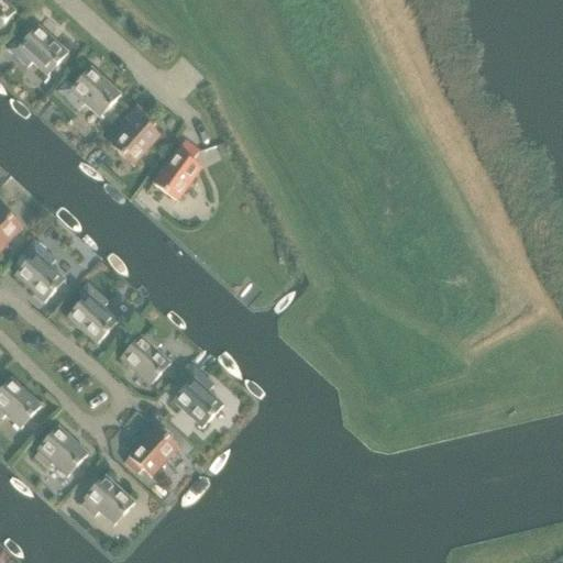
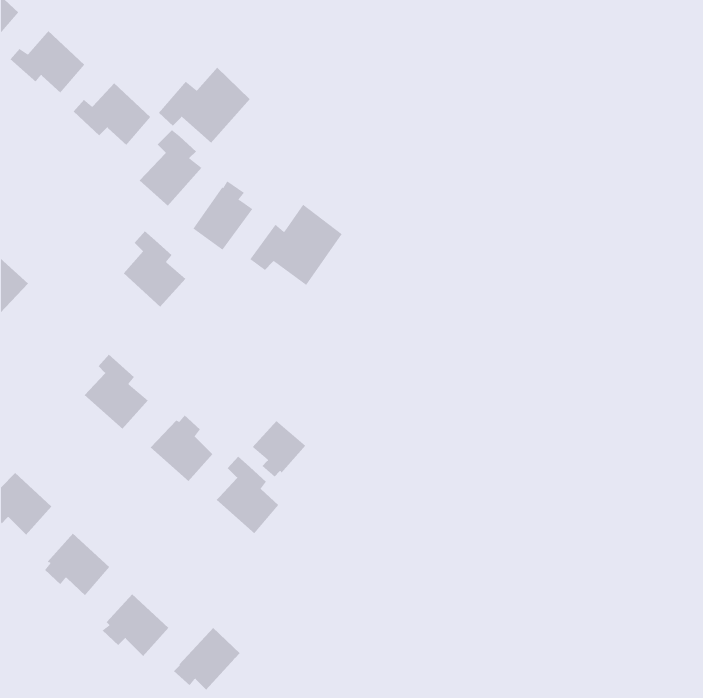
building: none -> [158,67,251,143]
building: none -> [250,204,343,286]
building: [15,240,66,301] -> [123,231,186,308]
building: none -> [252,420,306,478]
building: [125,426,179,476] -> [173,627,241,690]

